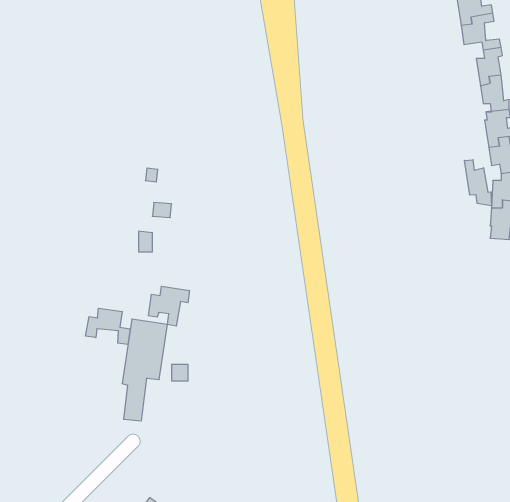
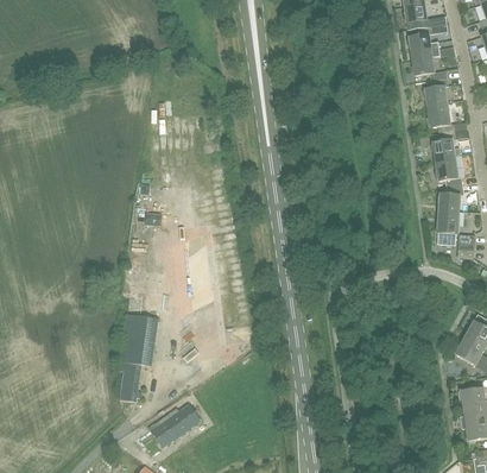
building: [464,160,492,206] -> none
building: [148,286,189,326] -> none
building: [86,308,130,345] -> none
building: none -> [151,404,200,446]

